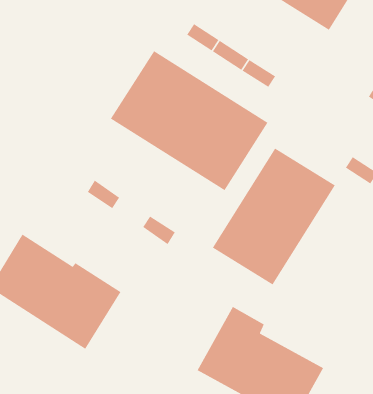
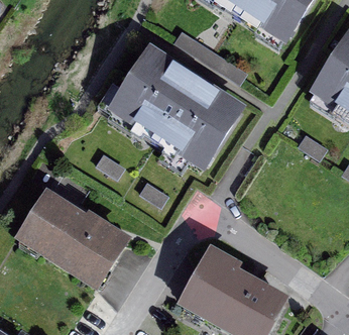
building: [212,148,336,286] -> none

